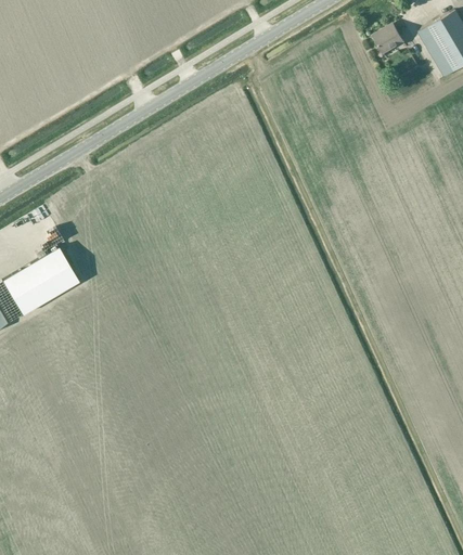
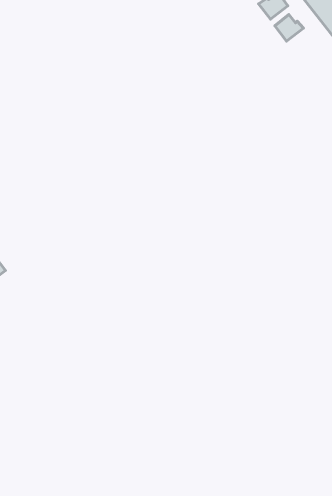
building: none -> [275,14,303,41]

